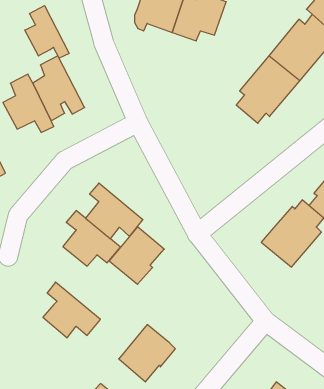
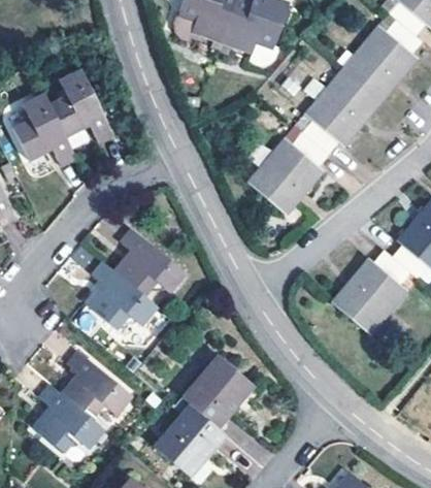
building: [25,6,69,58] -> none
building: none -> [248,131,328,213]
building: [109,227,164,284] -> [184,355,252,426]
building: none -> [33,384,105,462]

